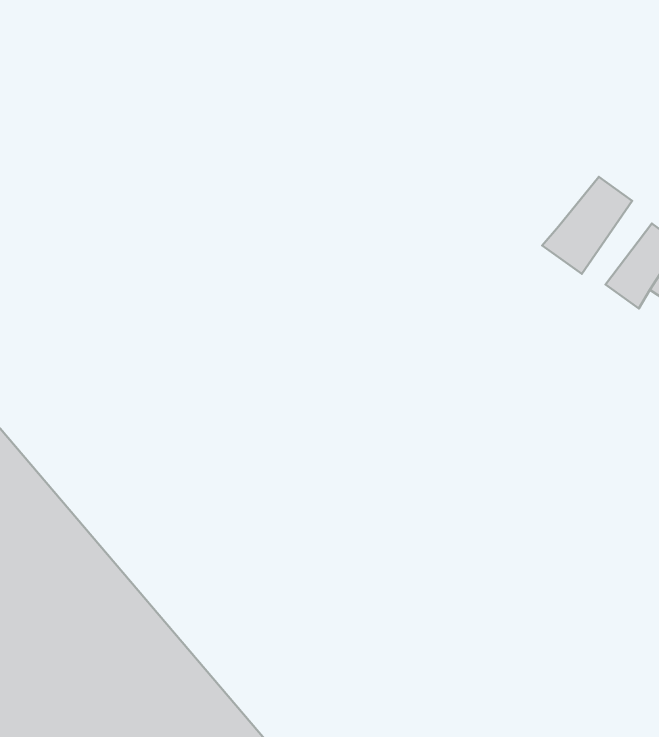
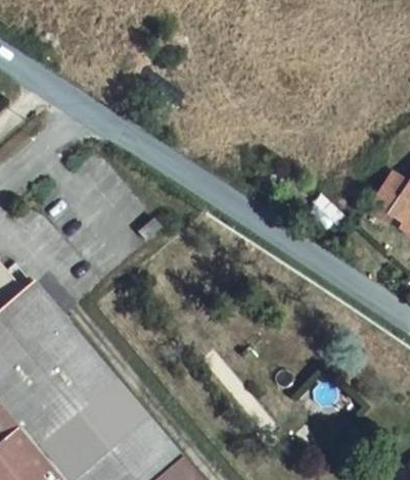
building: [542,177,632,274] -> none

